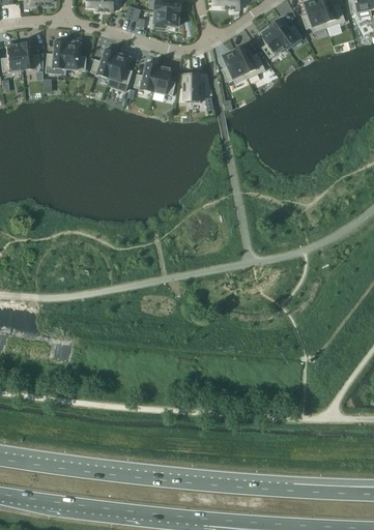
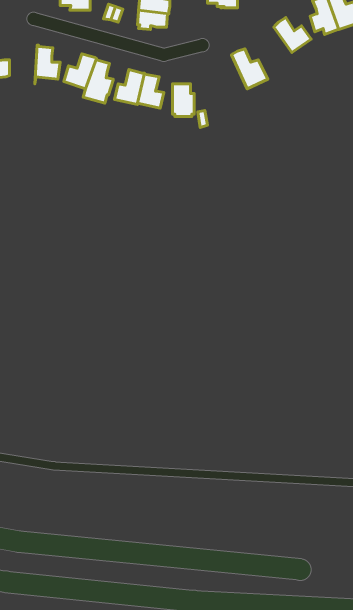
building: [260,25,286,58] -> none
building: [46,39,67,73] -> none
building: [221,49,248,83] -> none

